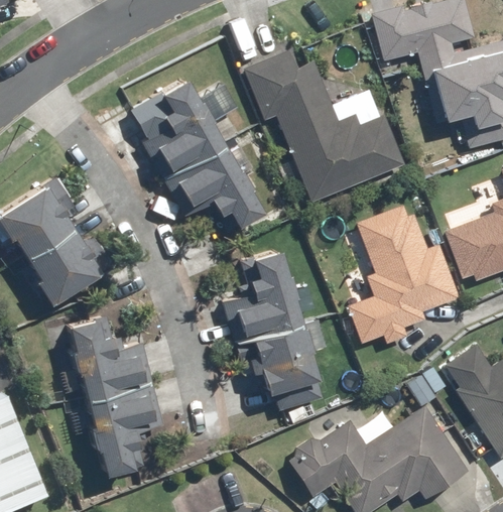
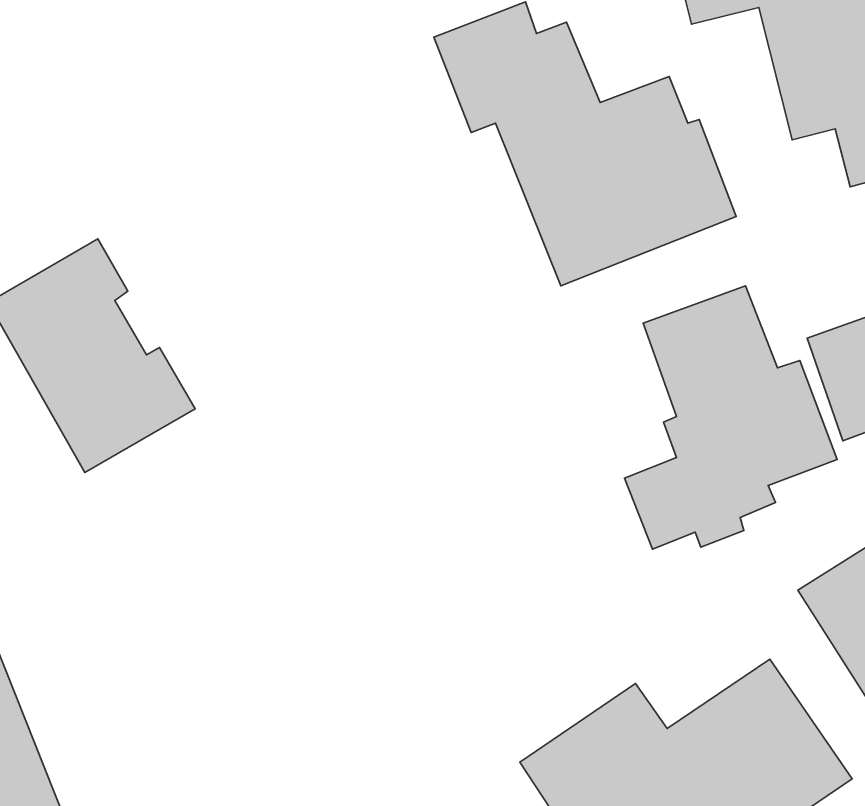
building: [140,78,267,235] -> none
building: [220,249,327,411] -> none
building: [71,316,163,475] -> none

